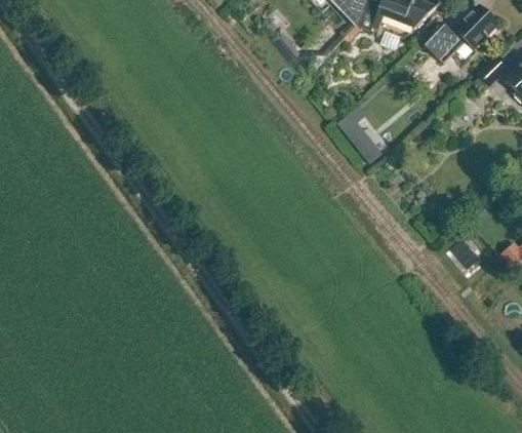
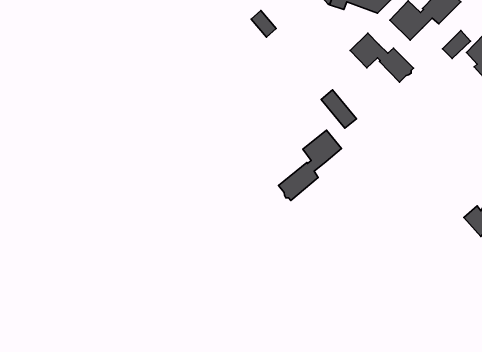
building: none -> [350,33,414,82]
building: none -> [278,130,342,200]

